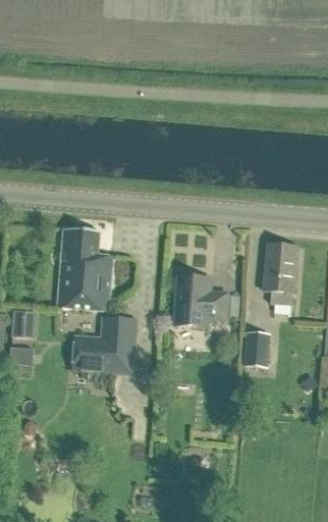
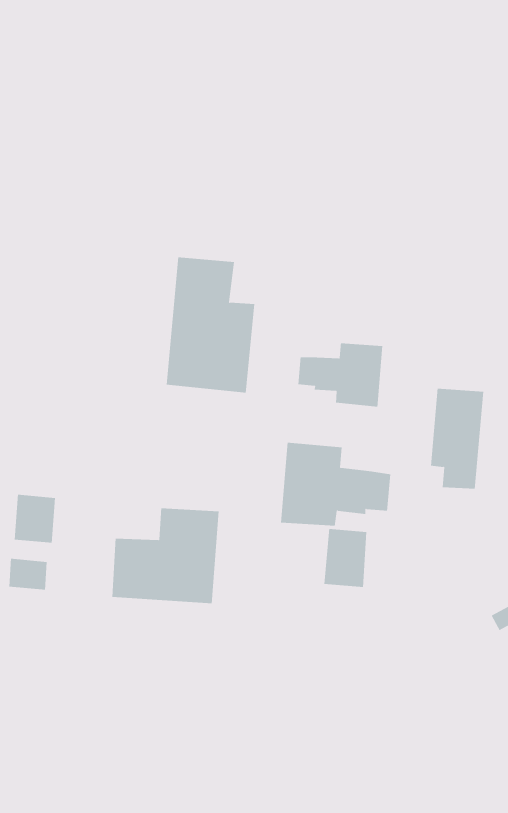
building: none -> [298,342,383,408]
building: [57,227,111,310] -> [166,257,255,393]
building: [243,331,270,367] -> [323,528,367,587]

